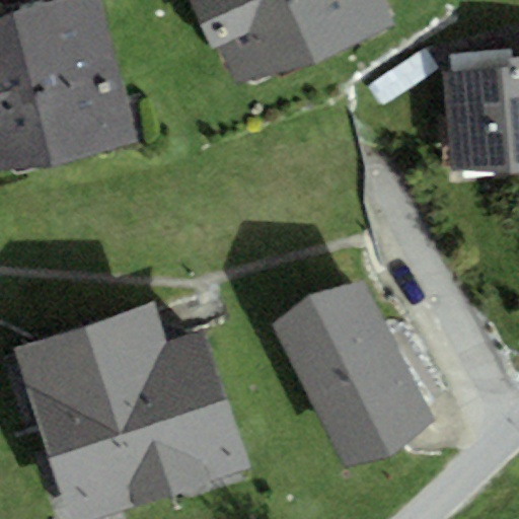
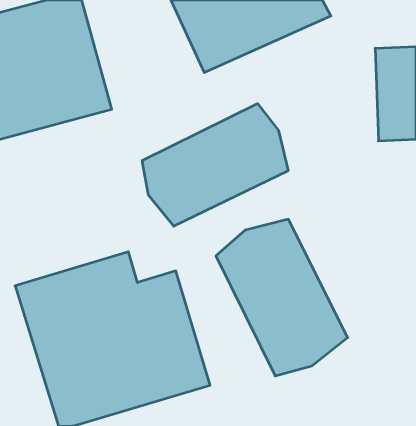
building: none -> [142,104,288,226]

